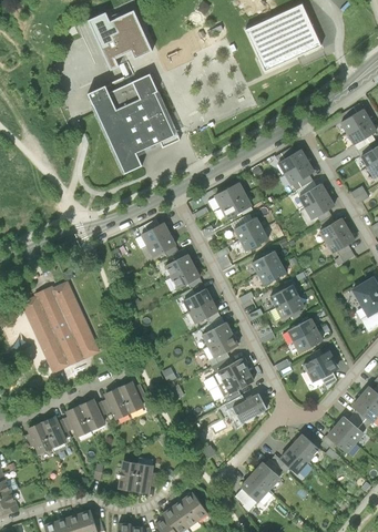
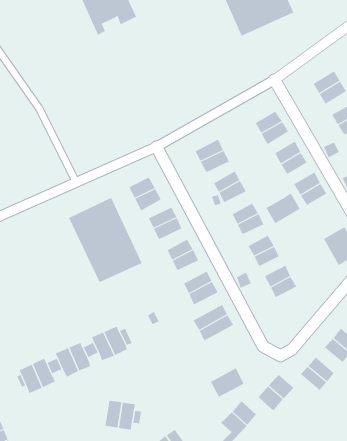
building: [88,73,180,173] -> none
building: none -> [266,192,300,224]
building: [20,280,100,372] -> [68,197,143,283]
building: [304,349,340,380] -> none
building: [232,391,268,423] -> [210,367,244,397]

